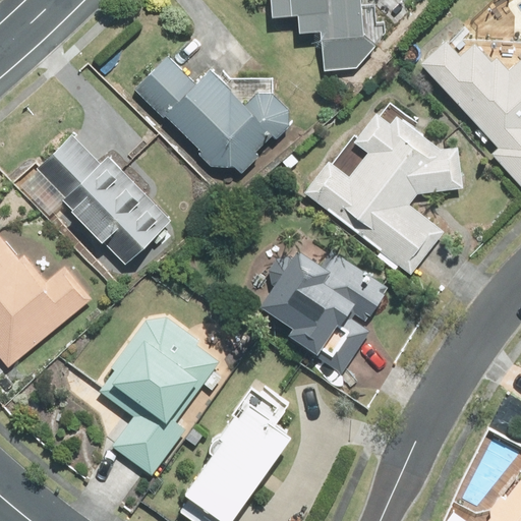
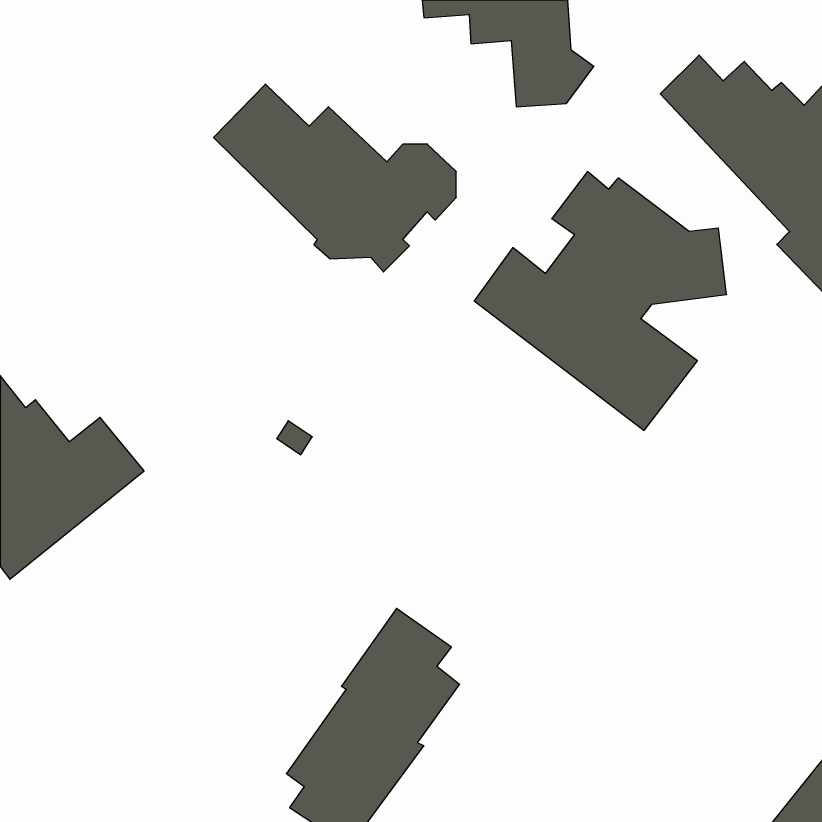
building: [36,135,170,267] -> none
building: [256,248,391,377] -> none
building: [101,316,223,474] -> none

